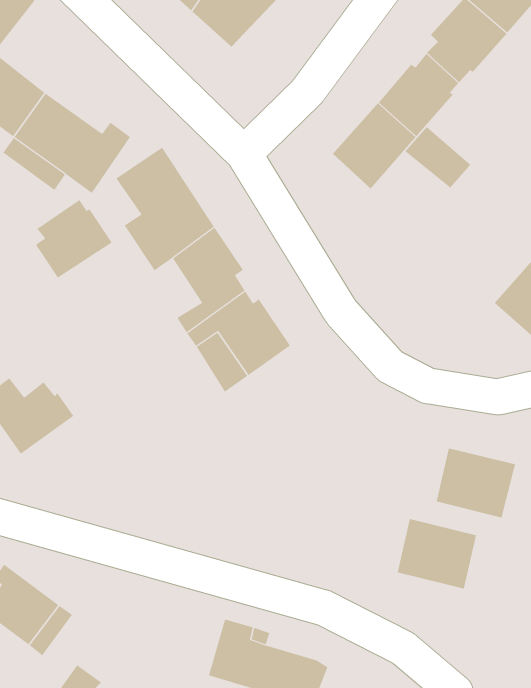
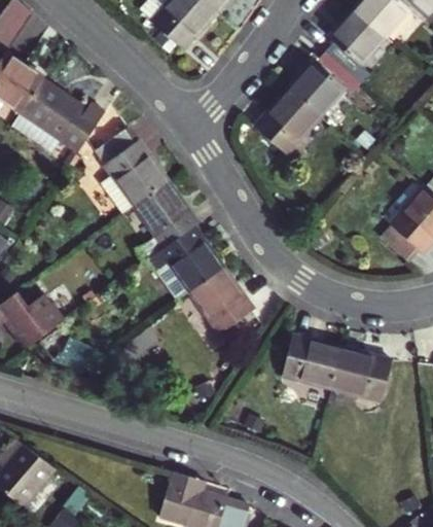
building: [405,126,471,188] -> none
building: [35,199,113,279] -> none
building: none -> [194,270,254,333]
building: [397,519,477,589] -> [284,333,344,386]

